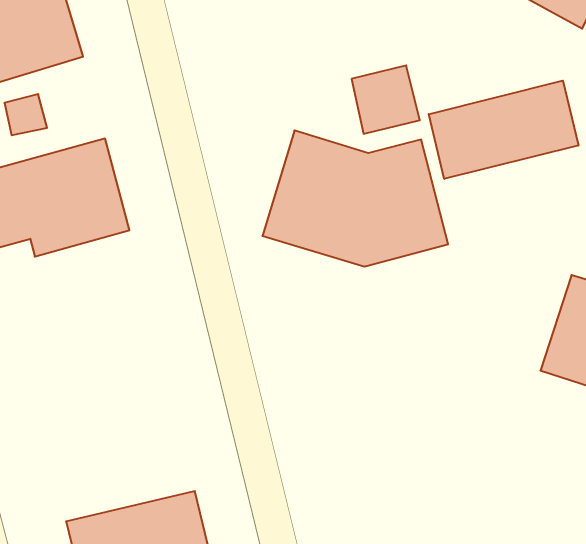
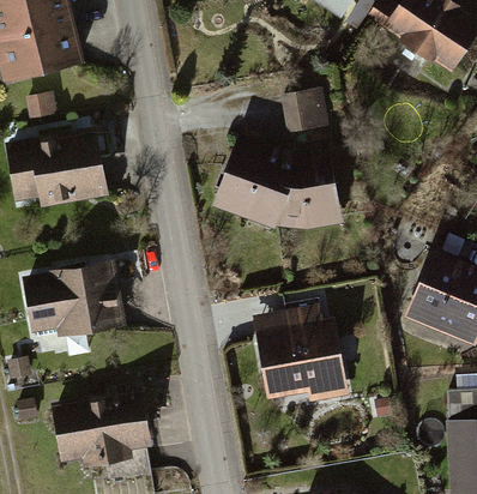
building: [429,81,578,179] -> none
building: none -> [22,257,132,342]
building: none -> [253,305,346,403]

